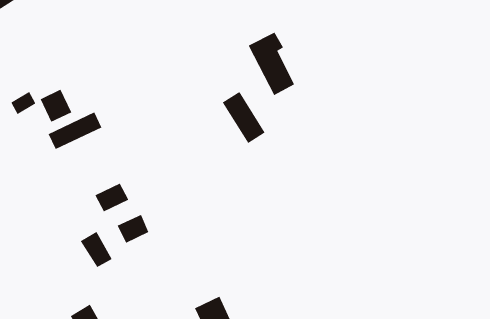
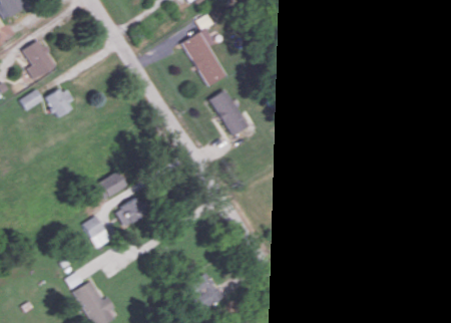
building: [248,32,295,96] -> [183,29,225,86]
building: none -> [22,39,56,79]
building: [48,112,102,150] -> none

